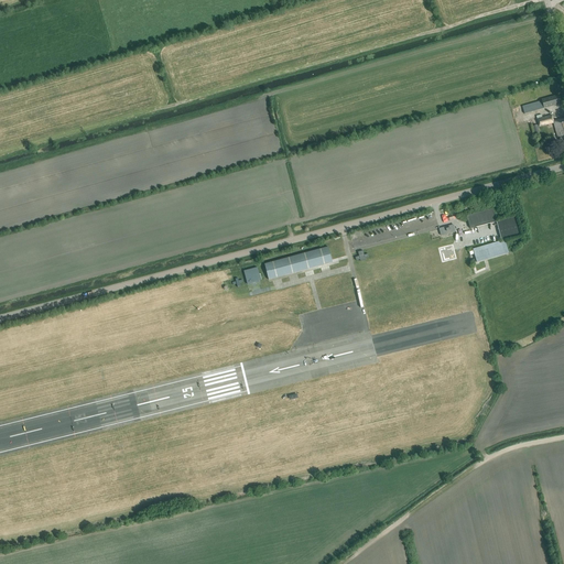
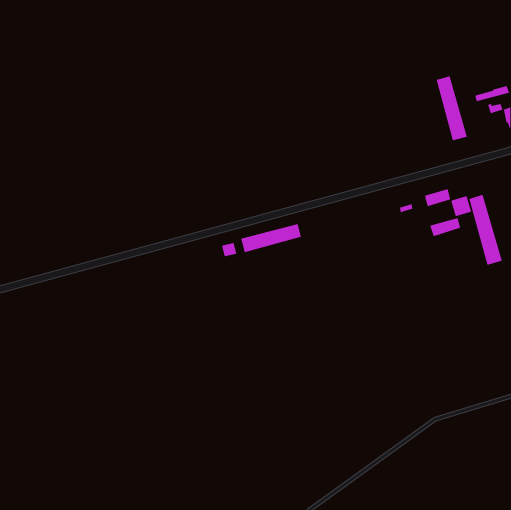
building: none -> [435,75,468,141]
building: none -> [468,194,503,266]

